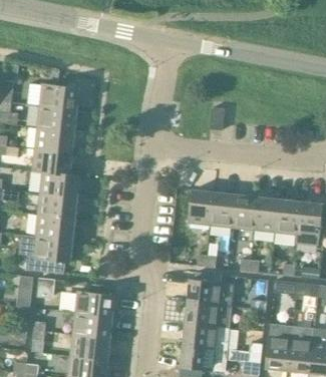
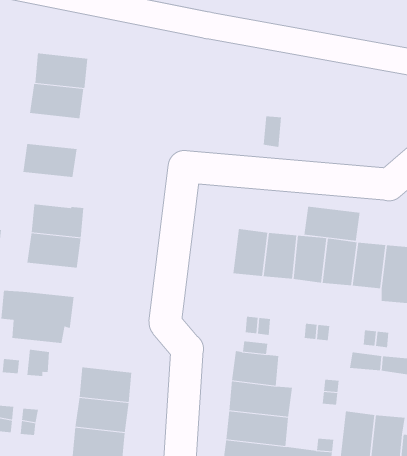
building: [37,105,76,131] -> [34,53,88,89]
building: [32,148,71,174] -> none
building: none -> [304,206,360,241]
building: [35,215,74,240] -> none

